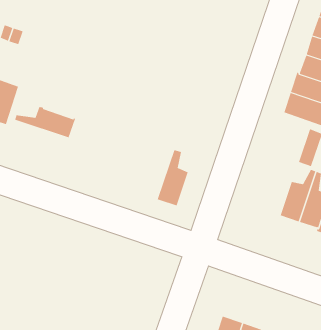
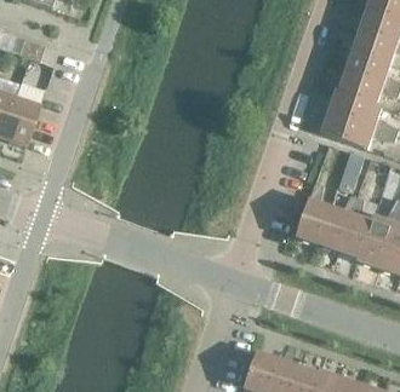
building: [15,106,76,138] -> none
building: [157,150,189,206] -> [297,181,331,242]

